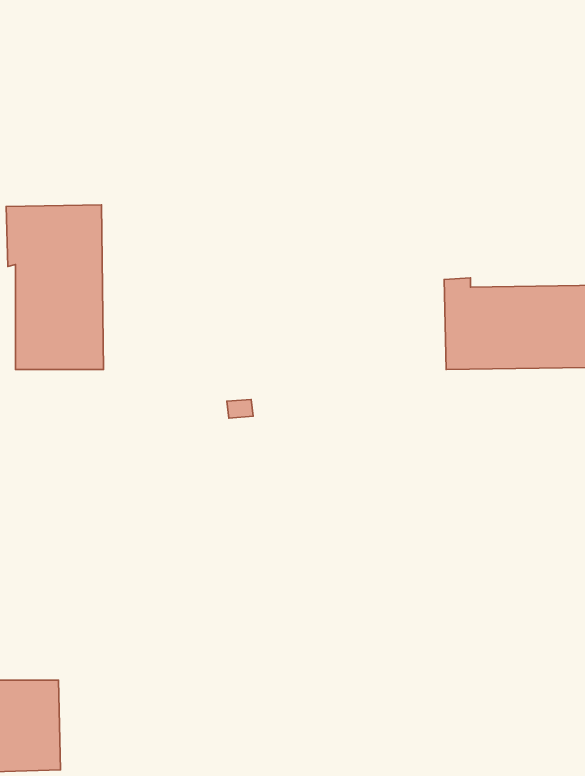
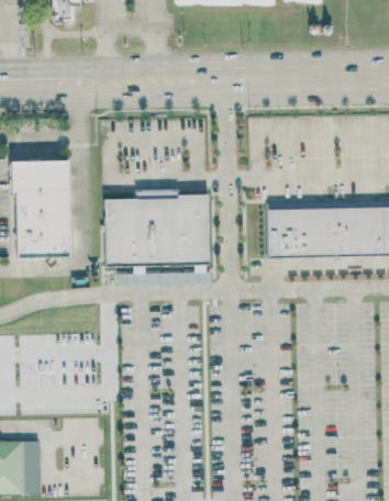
building: none -> [104,191,209,264]

